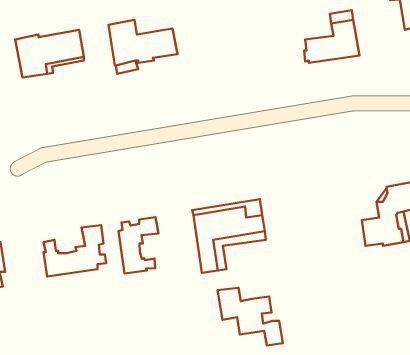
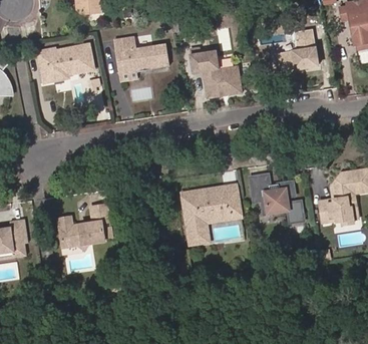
building: none -> [190,50,242,96]
building: [118,217,158,274] -> none
building: [218,288,283,346] -> [251,175,304,222]

